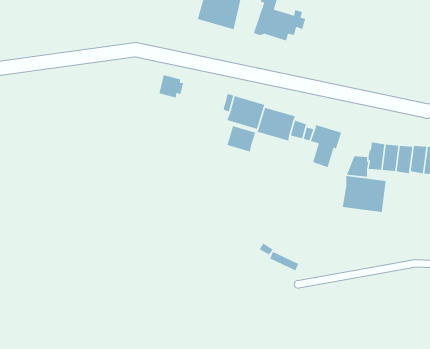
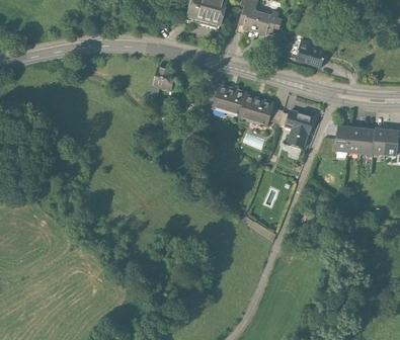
building: none -> [298,45,326,66]
building: [227,125,256,153] -> none
building: [342,175,387,213] -> none

